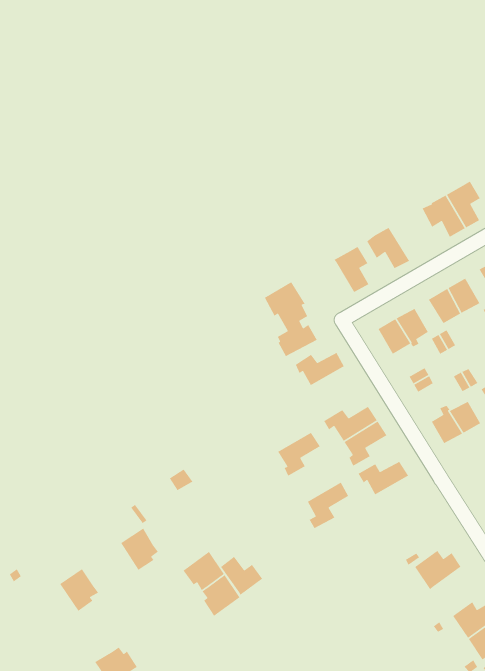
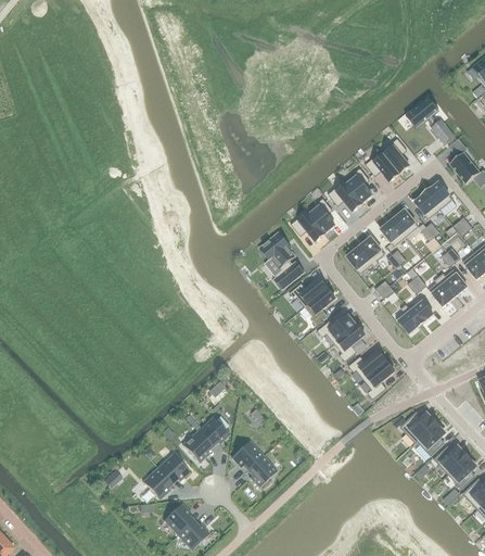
building: none -> [343,167,372,203]
building: none -> [291,213,324,241]
building: [277,432,321,477] -> [304,288,335,324]
building: [307,482,349,529] -> [363,361,394,399]
building: none -> [197,415,229,445]
building: none -> [157,452,189,482]
building: [220,556,263,596] -> none
building: none -> [417,421,445,455]
building: none -> [163,502,193,533]

